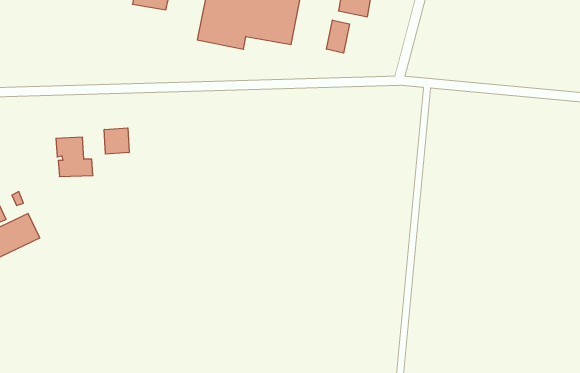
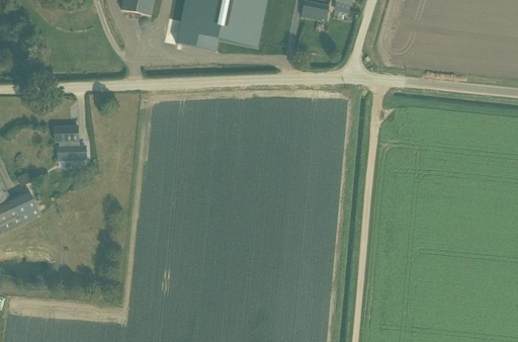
building: [327,20,349,53] -> none
building: [104,128,129,154] -> none

